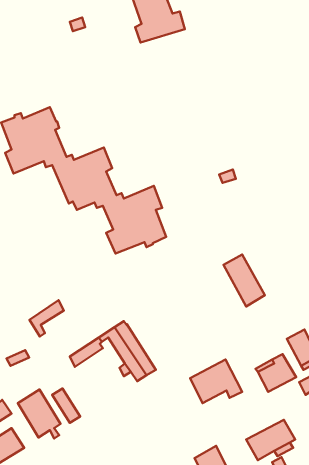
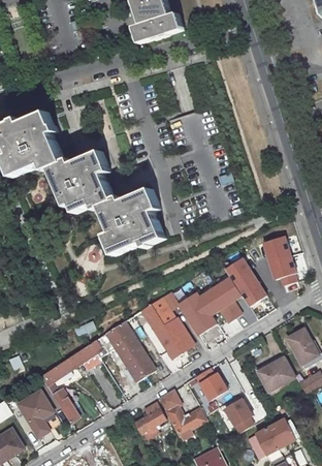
building: none -> [262,235,295,286]
building: none -> [183,278,242,334]
building: none -> [141,291,195,359]
building: [29,300,64,336] -> [41,356,75,393]
building: none -> [224,399,253,432]
building: none -> [135,401,166,441]
building: none -> [167,405,204,435]

